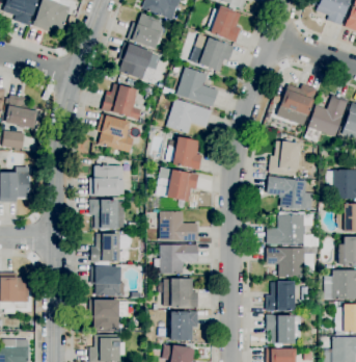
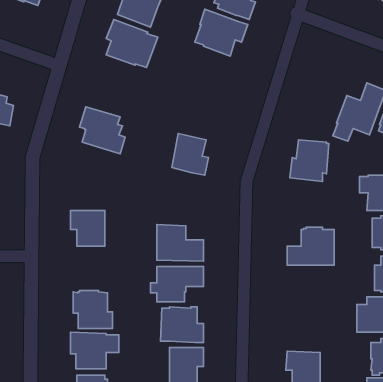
building: [176,68,218,107] -> none
building: [102,84,141,121] -> none
building: [277,84,317,126] -> none
building: [166,99,212,134] -> none
building: [89,166,124,197] -> none
building: [156,167,199,209] -> none
building: [267,177,313,210] -> none
building: [90,234,130,262] -> none
building: [267,248,318,278] -> none
building: [266,282,294,311] -> none

